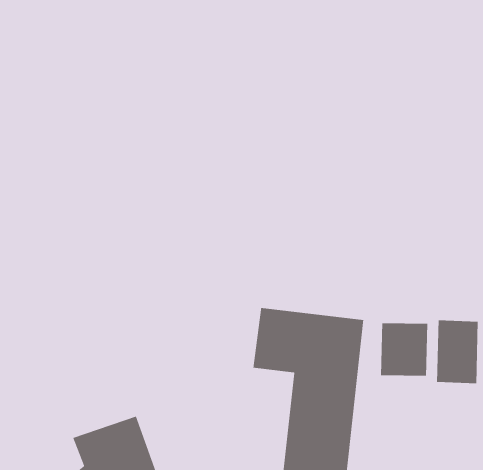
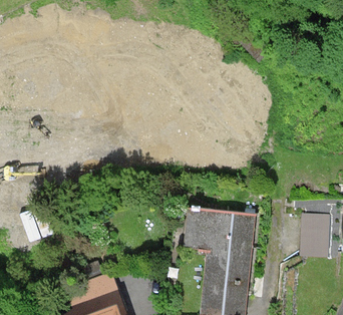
building: [380,322,428,376] -> none

